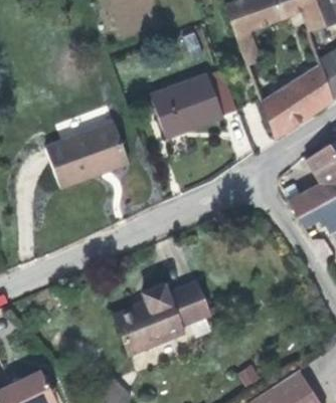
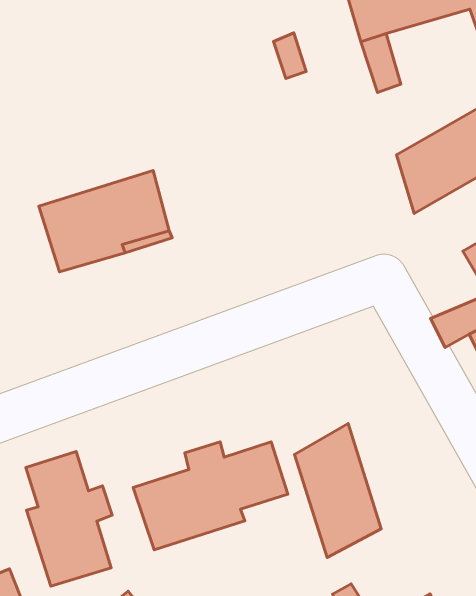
building: [151,69,237,136] -> none
building: none -> [294,424,381,557]
building: none -> [26,451,112,586]

